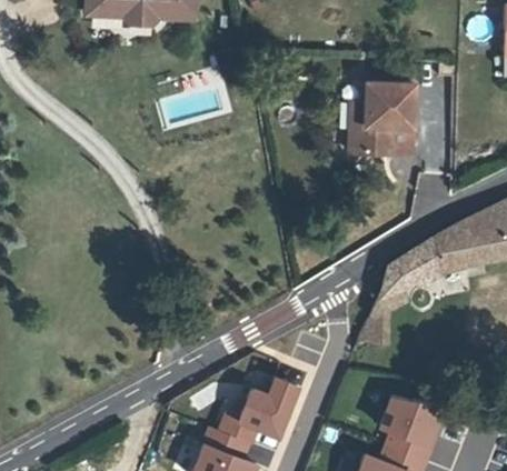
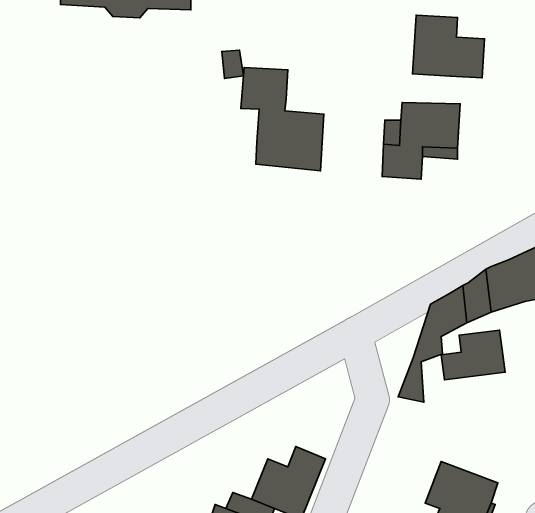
building: none -> [413,15,485,78]
building: none -> [241,67,324,171]
building: none -> [441,330,505,380]

